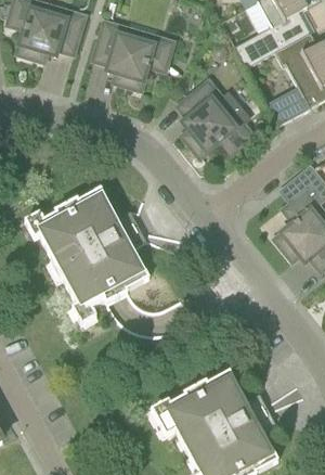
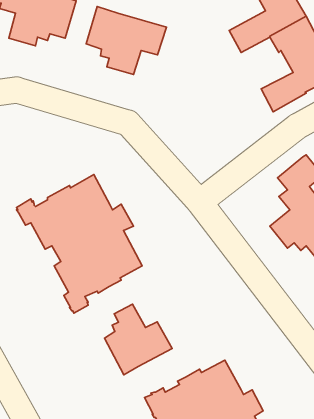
building: [178,79,252,156] -> none
building: none -> [104,304,172,375]

